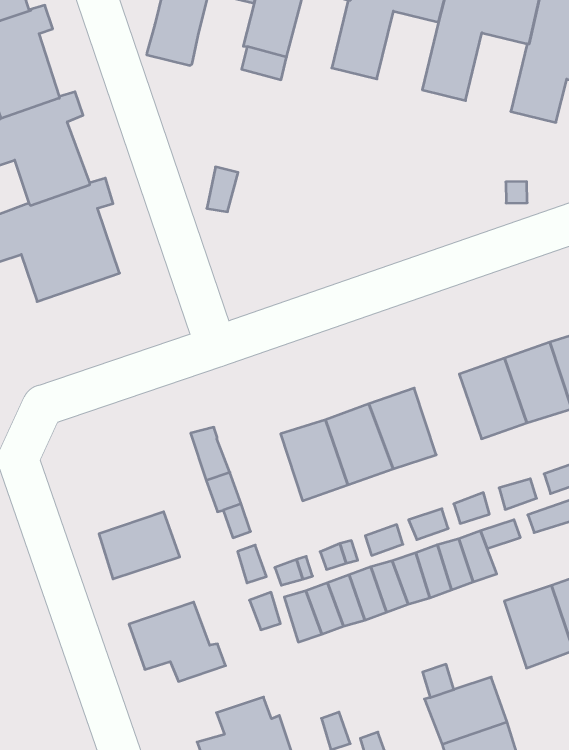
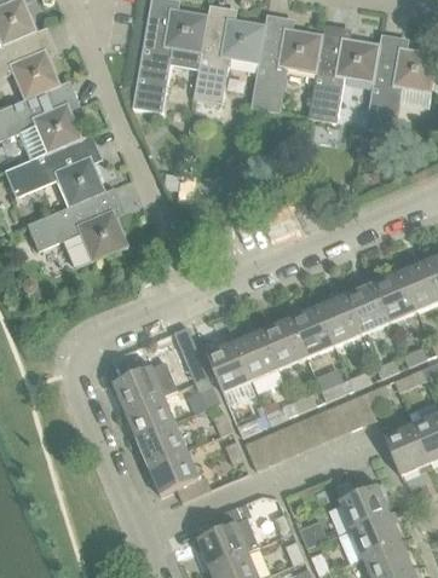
building: none -> [317,294,362,346]
building: none -> [206,340,252,392]
building: none -> [113,362,178,411]
building: none -> [136,422,188,467]

